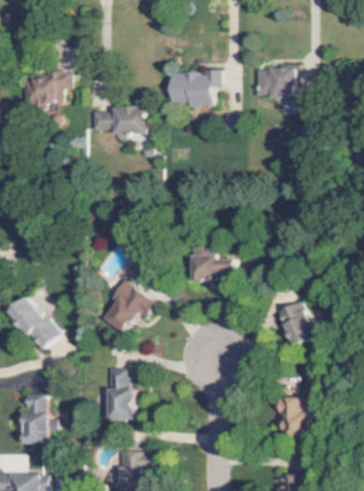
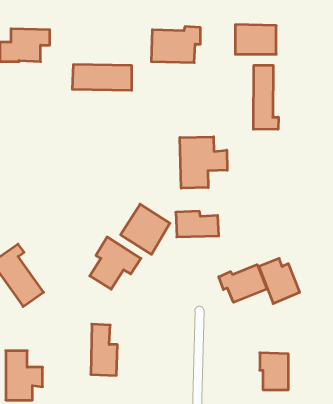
building: none -> [253,65,278,129]
building: none -> [180,137,227,188]
building: none -> [121,204,170,254]
building: none -> [219,265,267,302]

